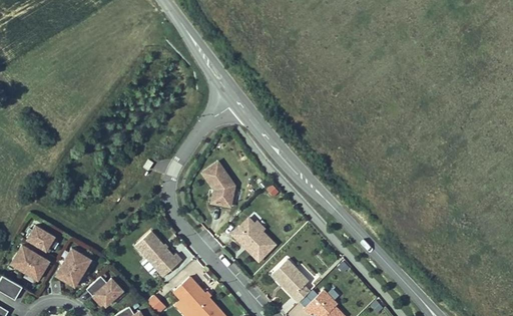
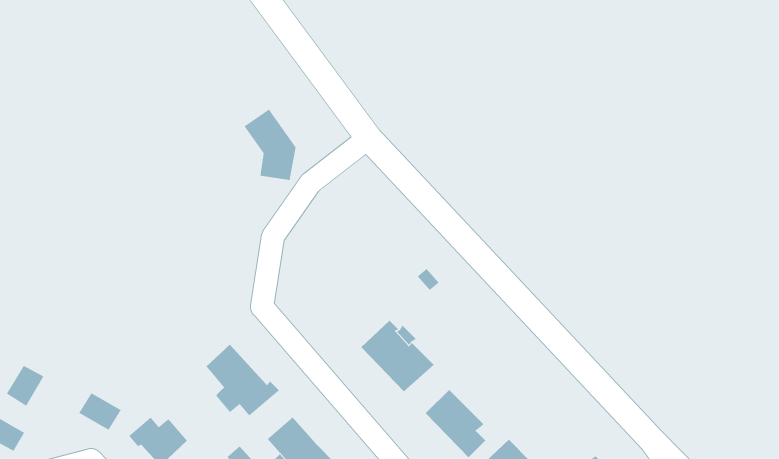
building: [201,162,234,207] -> [243,108,297,181]
building: [27,225,54,250] -> none
building: [64,248,91,273] -> none
building: [24,252,49,279] -> none

